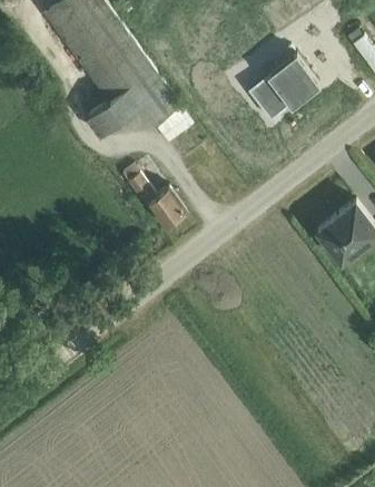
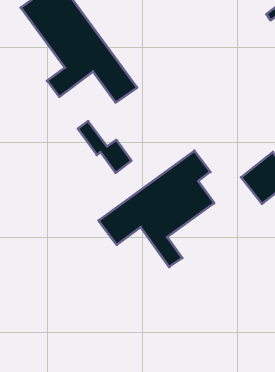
building: [248,53,320,120] -> none
building: none -> [99,151,214,267]

